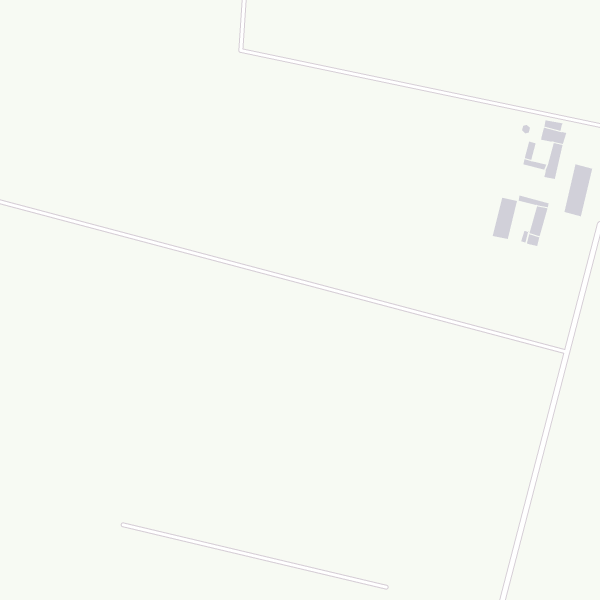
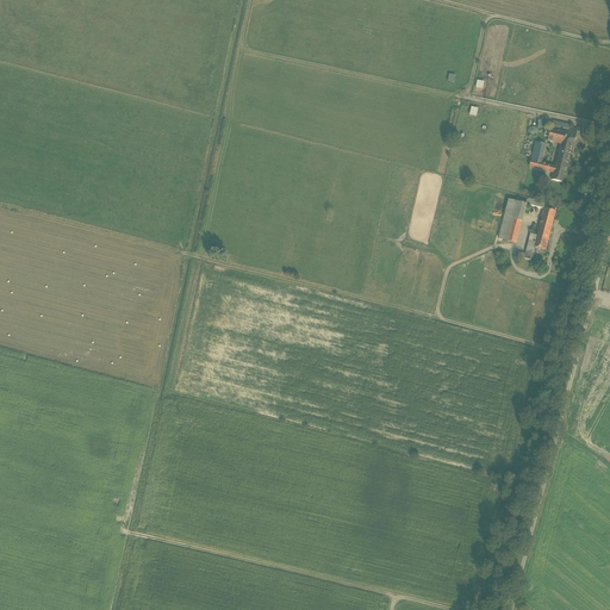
building: [564,163,593,217] -> none

